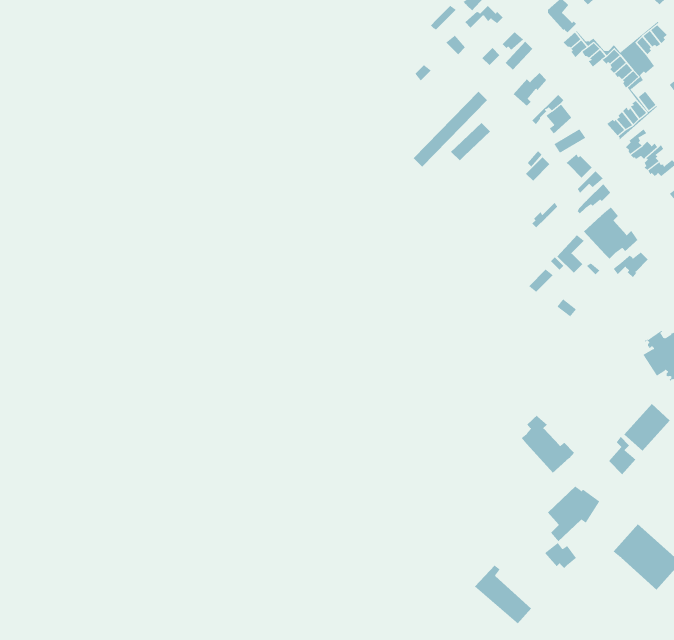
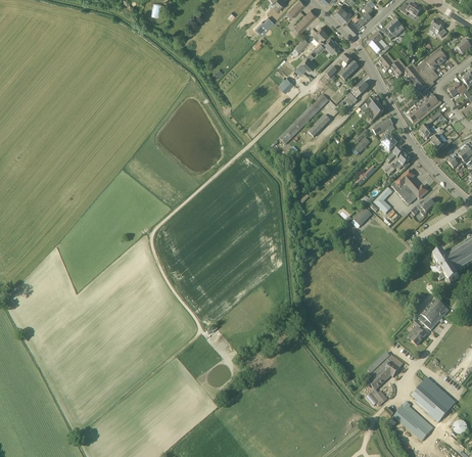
building: [521,414,575,473] -> none
building: [474,565,532,624] -> [393,401,431,440]

